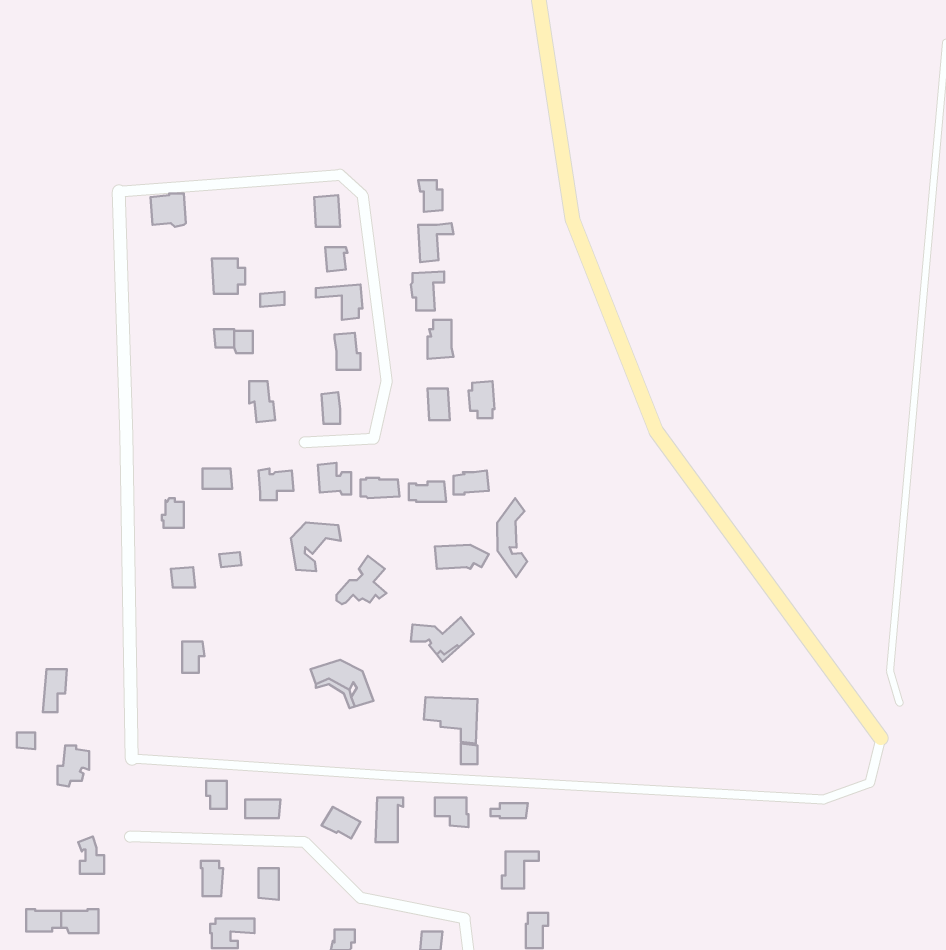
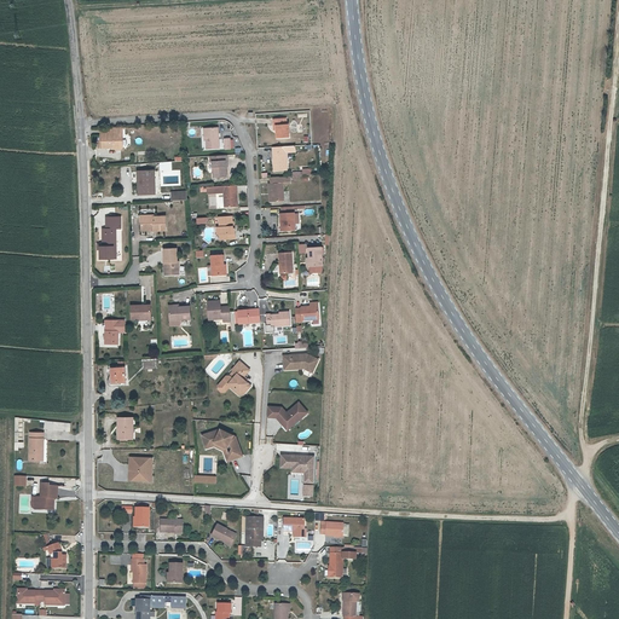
building: none -> [98,214,122,255]
building: [497,498,527,577] -> none
building: [291,522,341,571] -> none
building: none -> [125,456,149,481]

